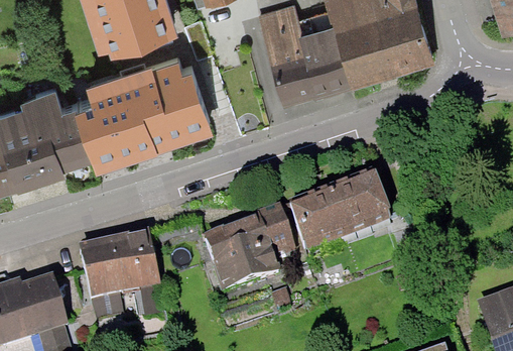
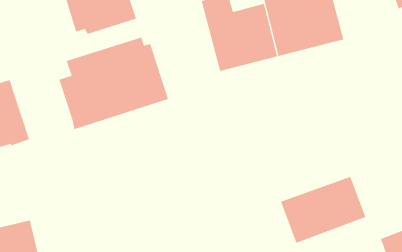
building: [20,91,96,186] -> none
building: [290,164,396,247] -> [280,176,366,244]
building: [205,200,299,287] -> none
building: [77,238,154,296] -> none

